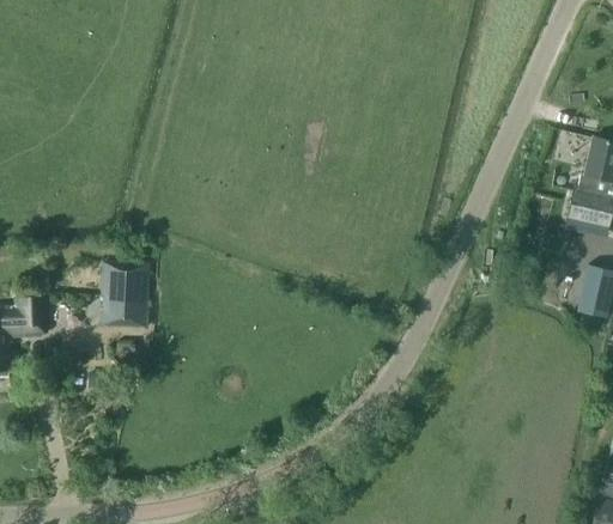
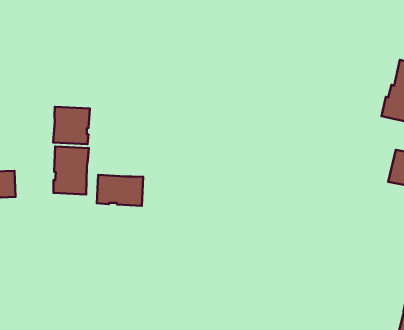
building: none -> [53,107,90,144]
building: none -> [97,175,143,206]

